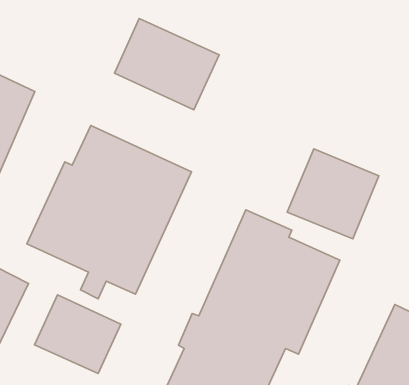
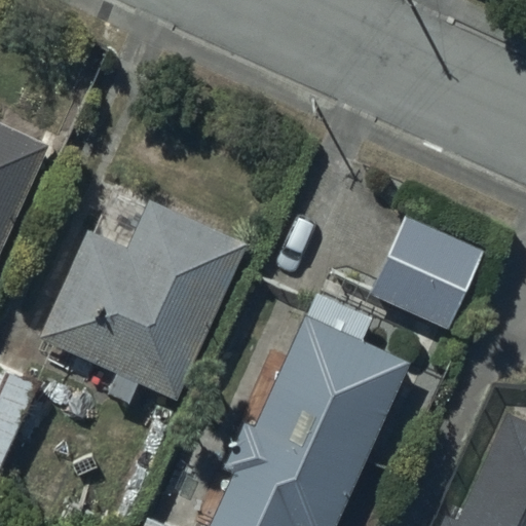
building: [114,19,219,110] -> none
building: [35,295,121,373] -> none

